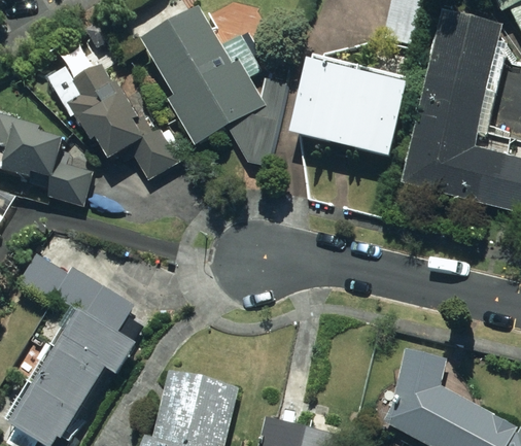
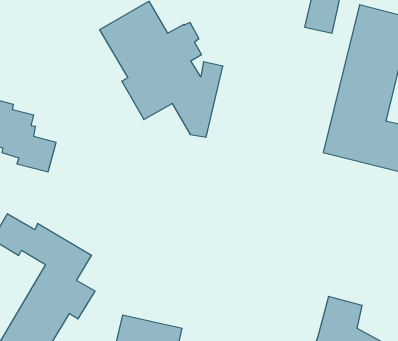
building: [293,54,410,158] -> none
building: [46,62,183,178] -> none

